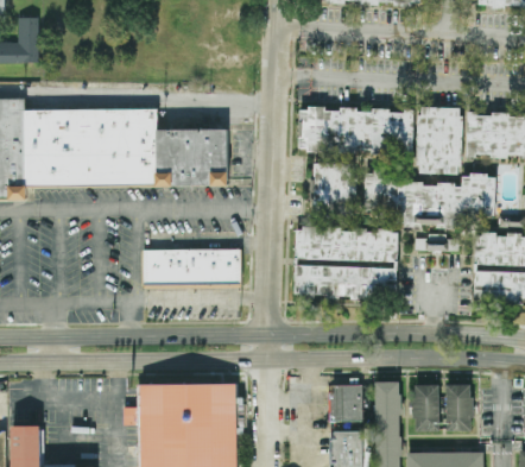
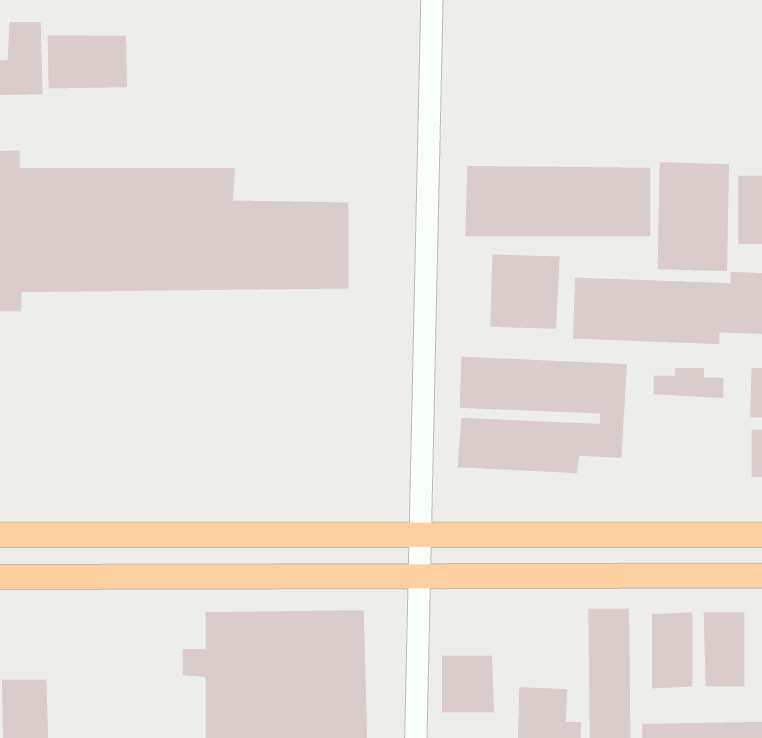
building: none -> [47,34,128,89]
building: [141,250,240,289] -> none
building: [330,385,363,421] -> [441,655,495,713]

